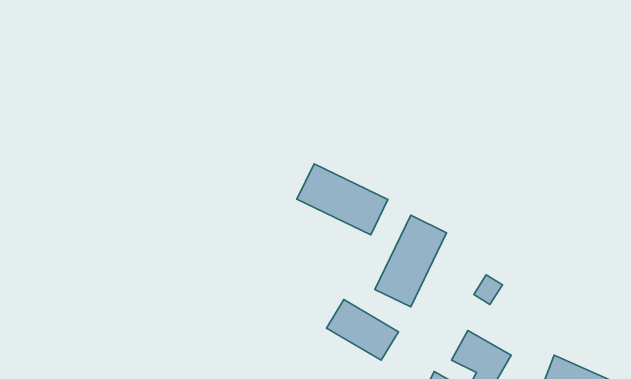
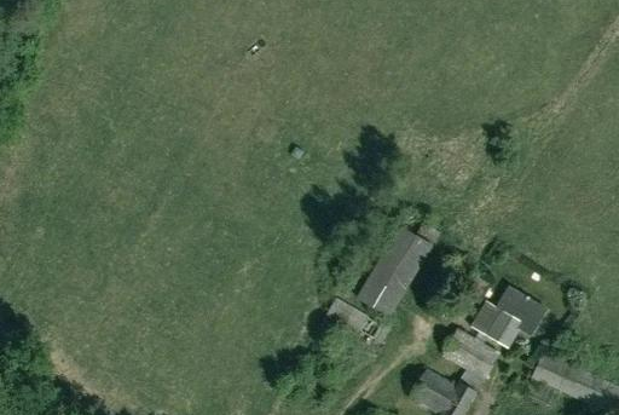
building: [297,164,388,235] -> none
building: none -> [469,283,546,348]

